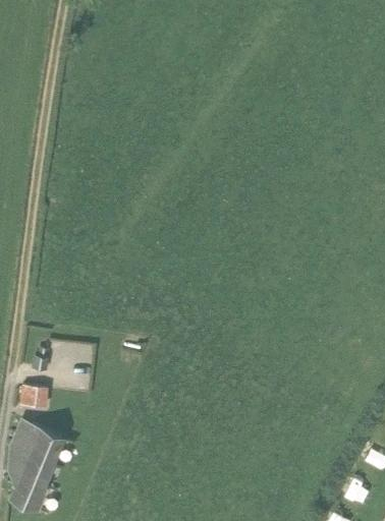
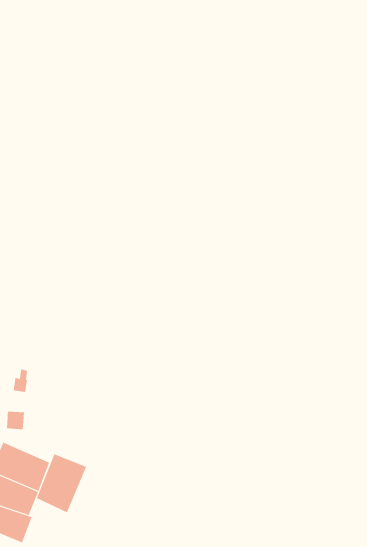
building: none -> [36,453,87,513]

